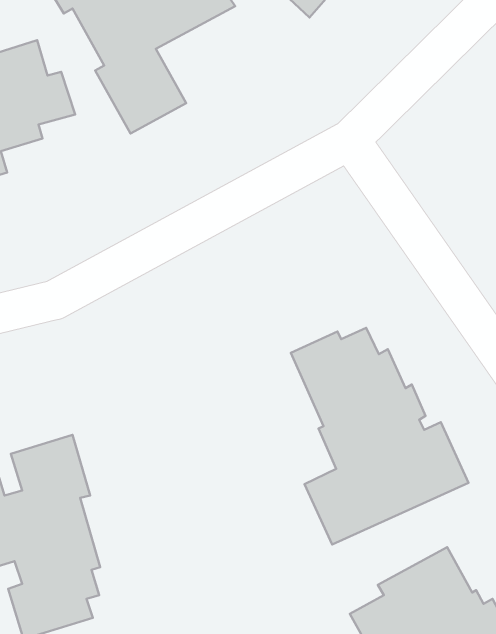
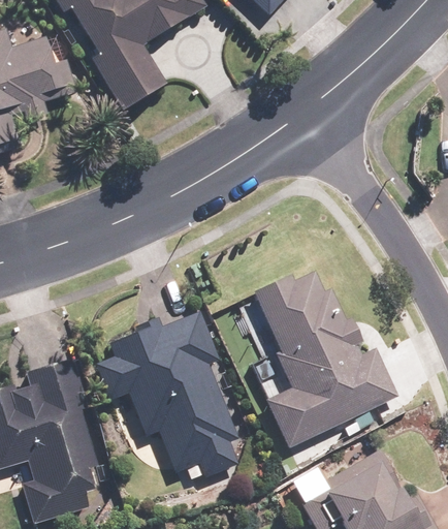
building: none -> [91,310,239,479]

